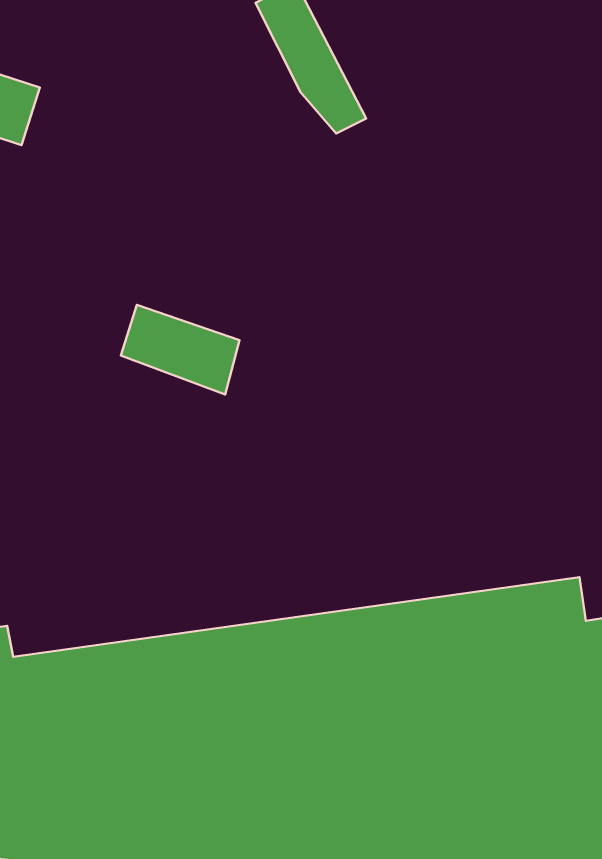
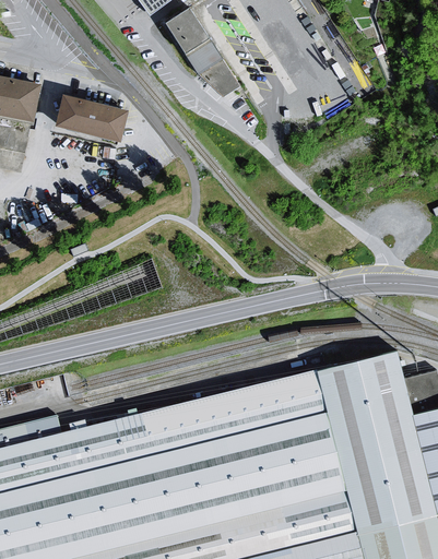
building: [121,305,240,395] -> [56,96,127,145]

